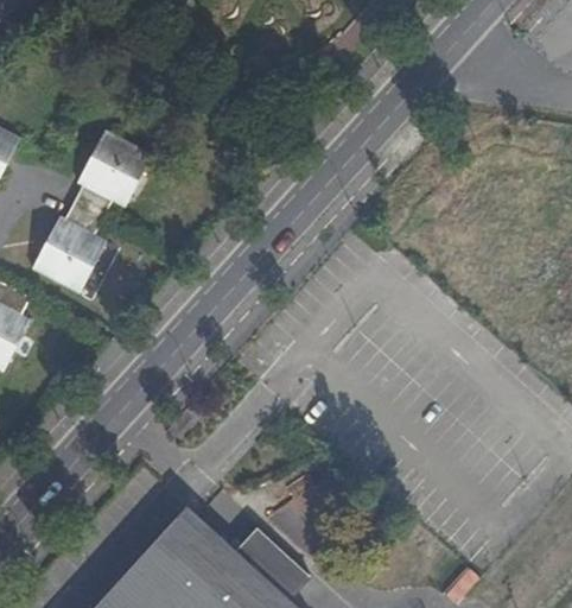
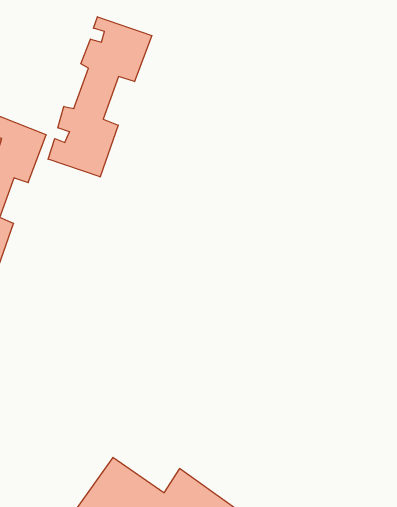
building: none -> [48,17,152,177]

